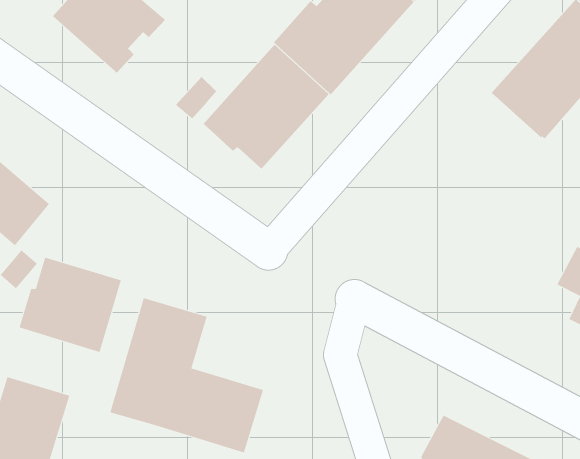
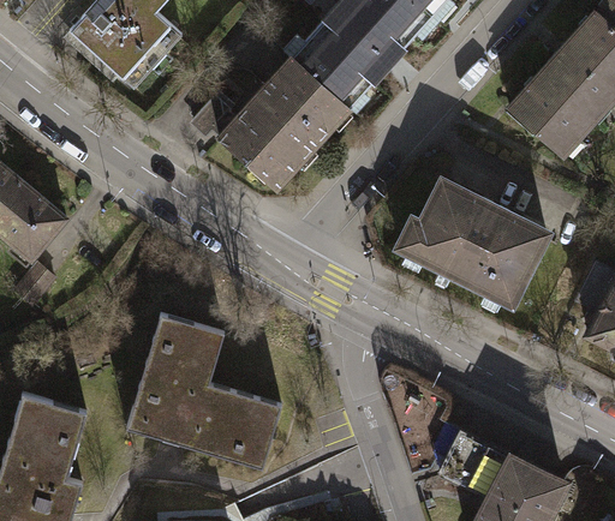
building: none -> [399,180,547,303]
building: [19,257,121,353] -> none

